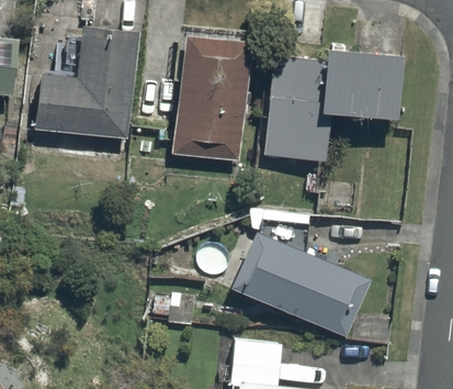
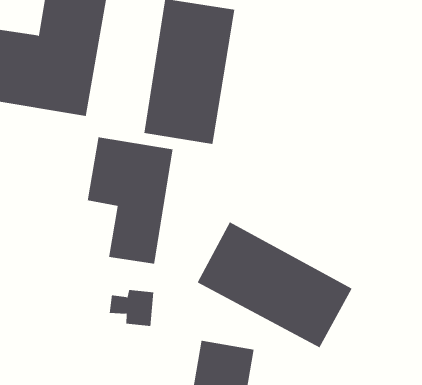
building: [262,51,406,162] -> none
building: none -> [87,136,173,265]

